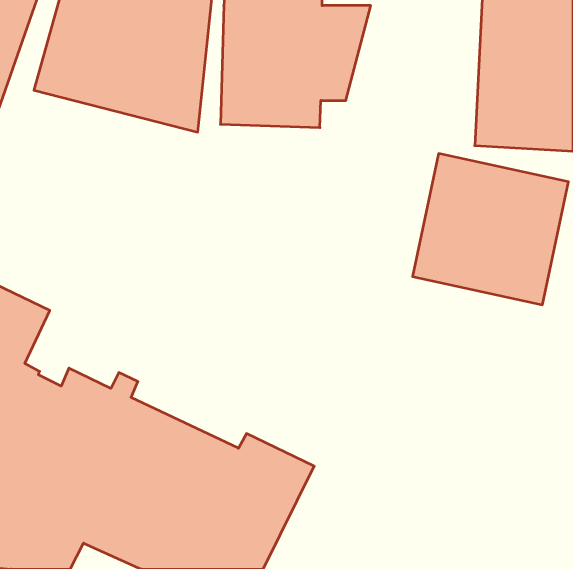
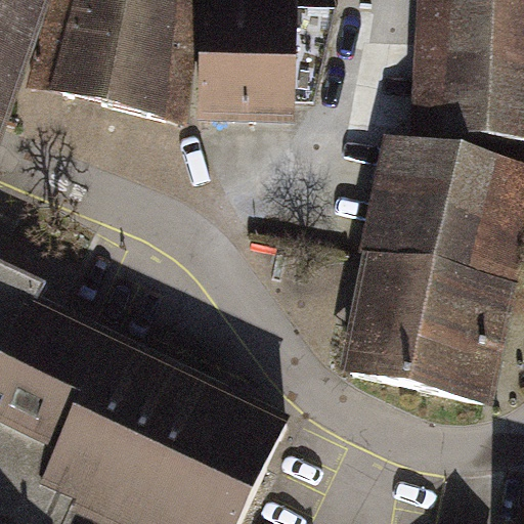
building: none -> [349,251,509,398]

